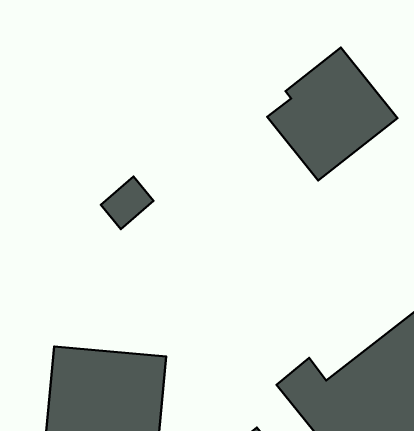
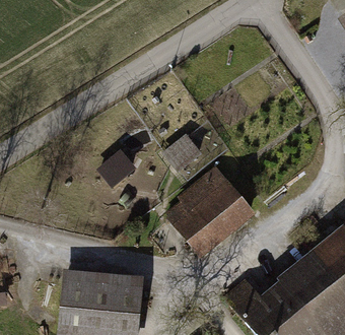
building: [267,47,397,181] -> [164,163,258,259]
building: none -> [162,132,204,173]

